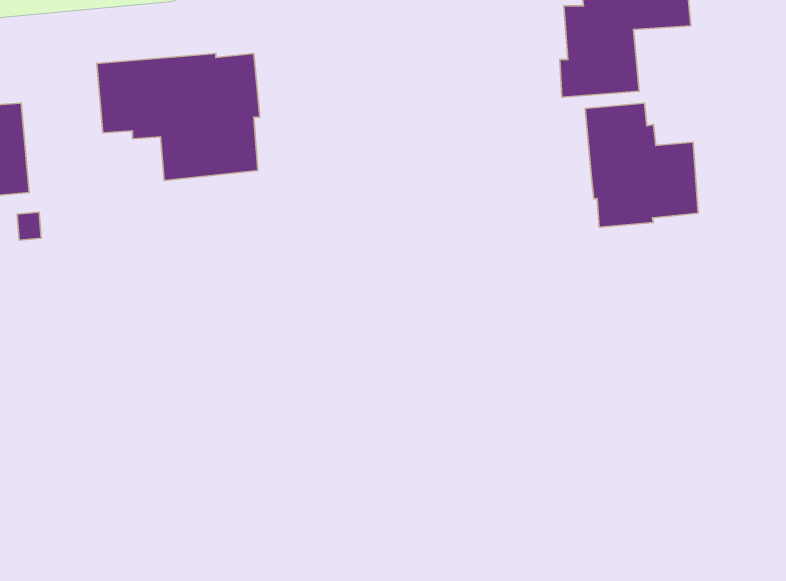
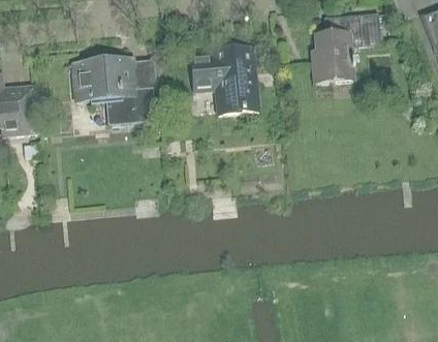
building: none -> [189,48,256,113]
building: [585,103,698,227] -> none

